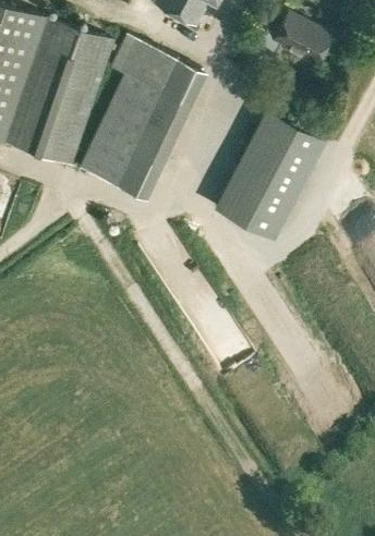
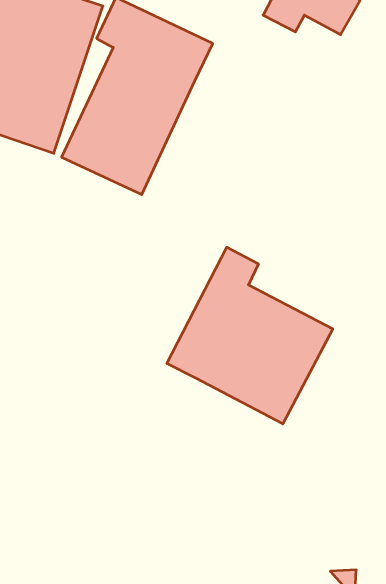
building: [215,111,324,240] -> none
building: none -> [167,247,333,424]

